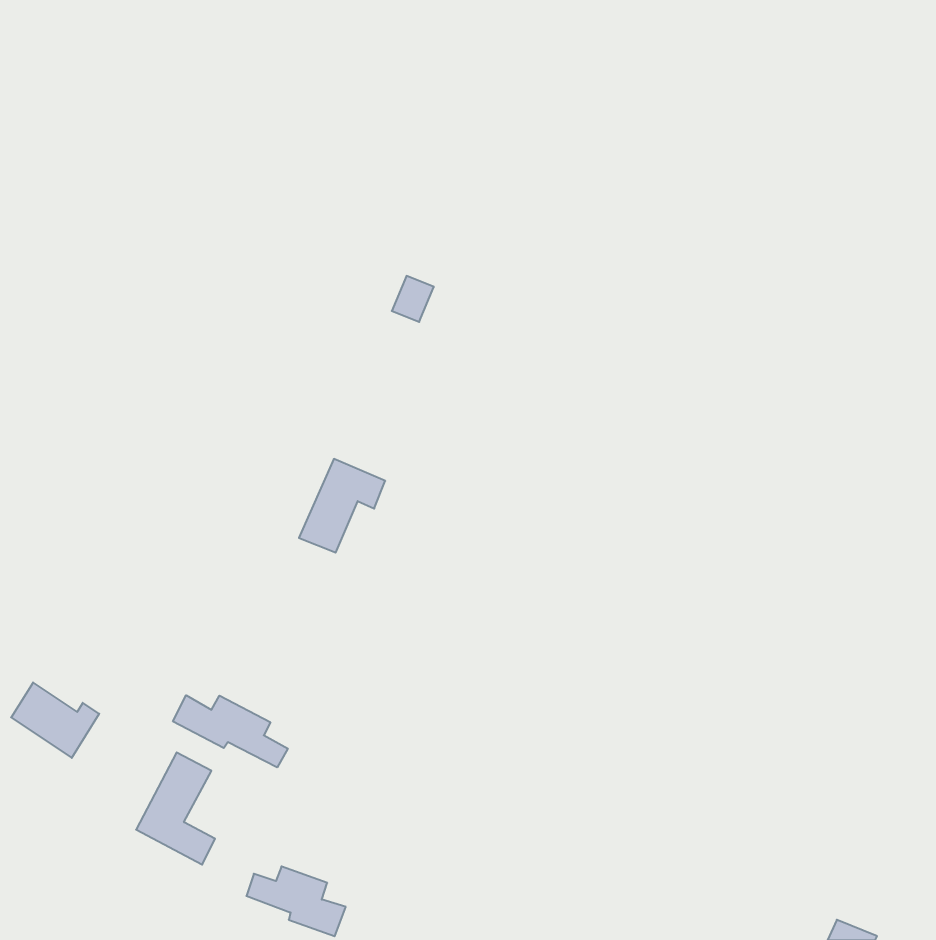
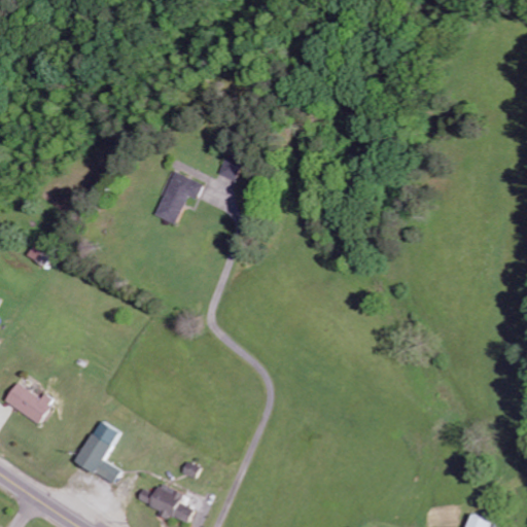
building: [299,459,385,553] -> [153,172,202,224]
building: [173,695,288,767] -> none

